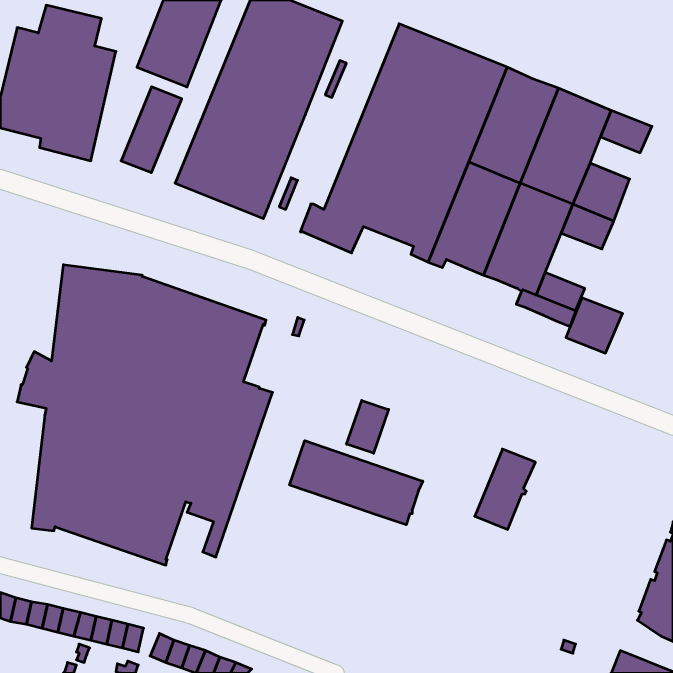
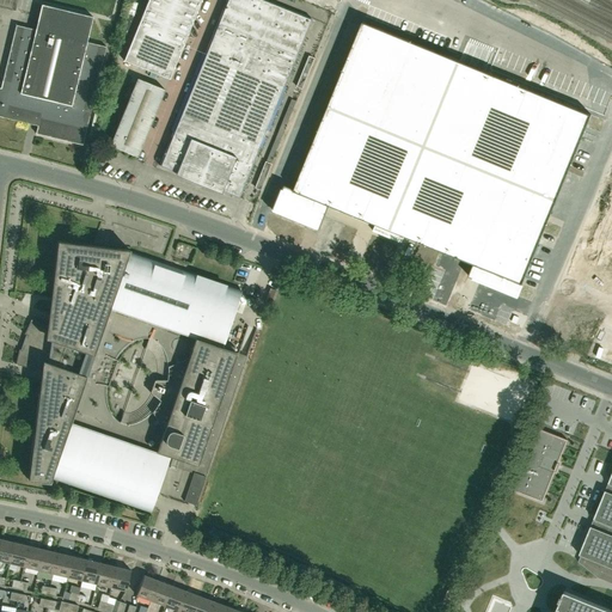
building: none -> [536,124,581,163]
building: [566,298,623,353] -> [495,212,546,262]
building: [347,400,389,453] -> none
building: [290,441,423,525] -> none
building: [475,449,535,529] -> [513,428,568,501]

